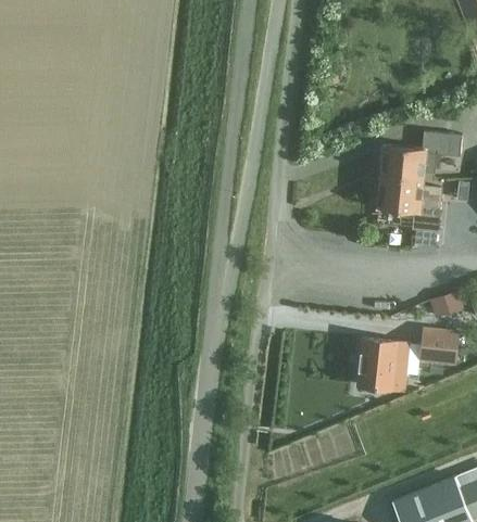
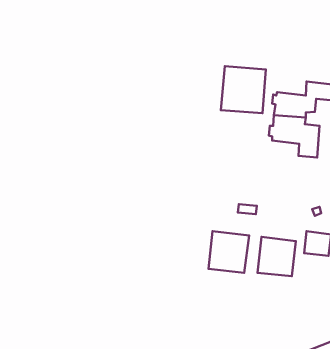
building: none -> [221,66,266,113]
building: none -> [209,231,249,273]

